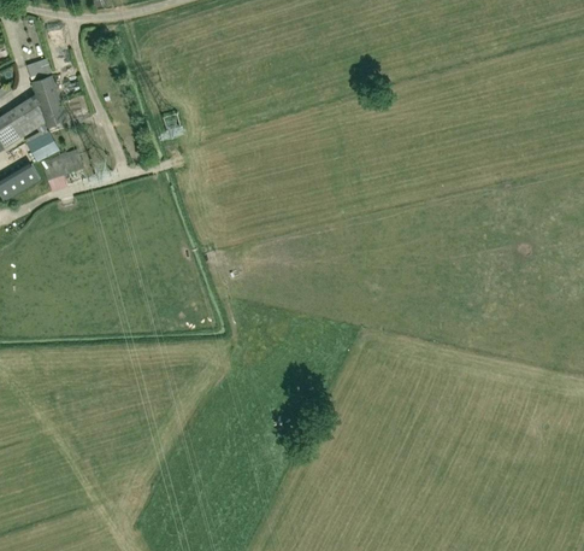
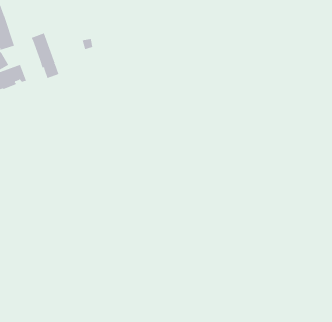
building: none -> [31,33,59,79]

